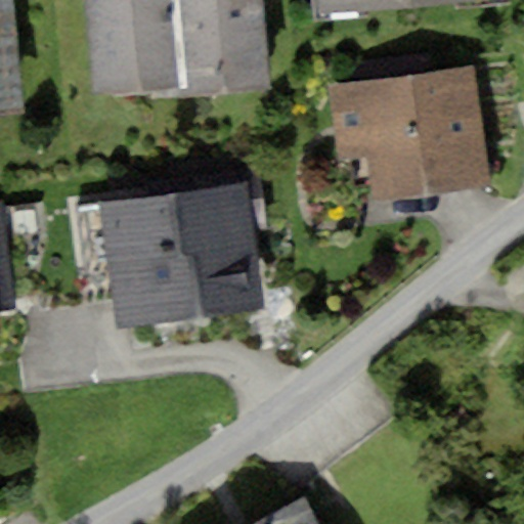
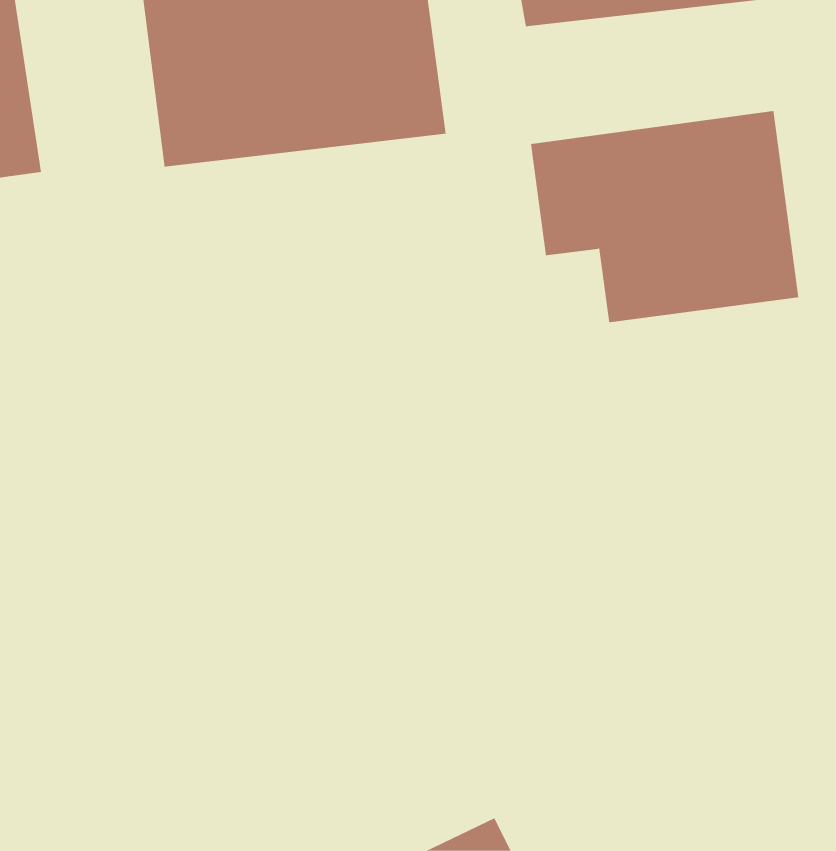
building: [98,183,258,325] -> none

